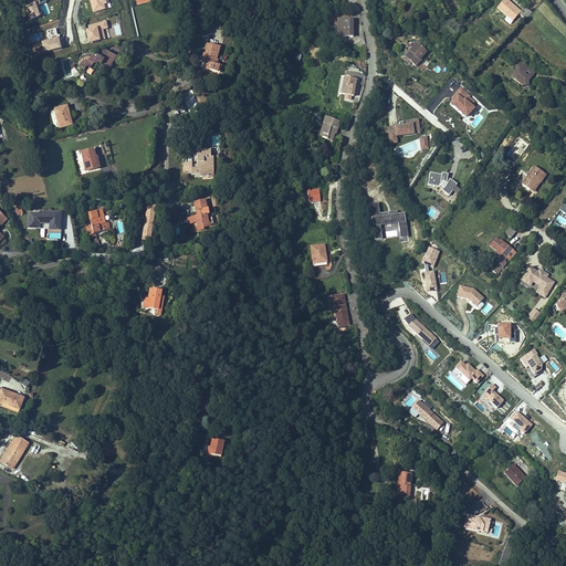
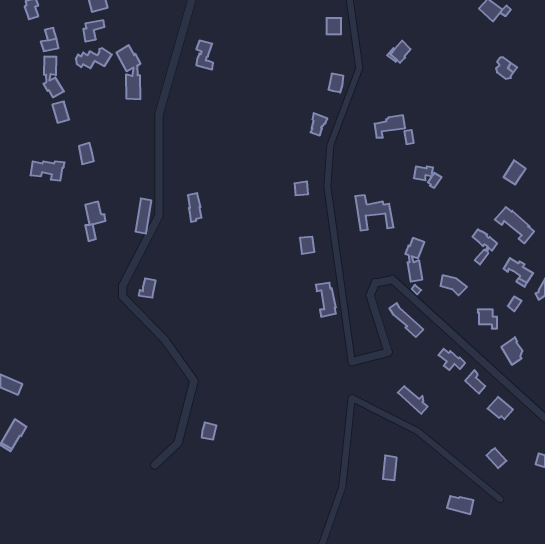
building: none -> [116,45,140,99]
building: none -> [43,56,64,97]
building: [447,88,475,120] -> none
building: [182,149,211,176] -> none
building: [27,208,62,228] -> [30,161,65,181]
building: none -> [495,207,534,243]

